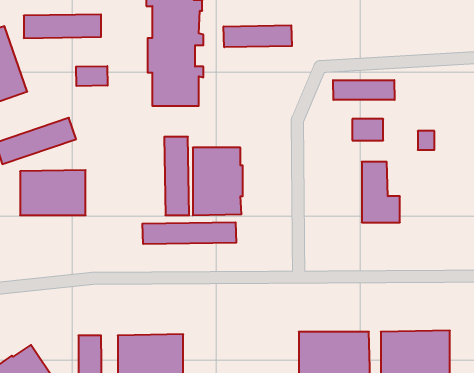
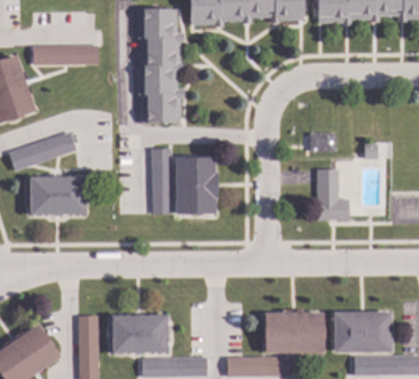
building: [224,25,292,47] -> none
building: [76,66,108,86] -> none
building: [333,80,395,100] -> none
building: [142,222,236,244] -> none

